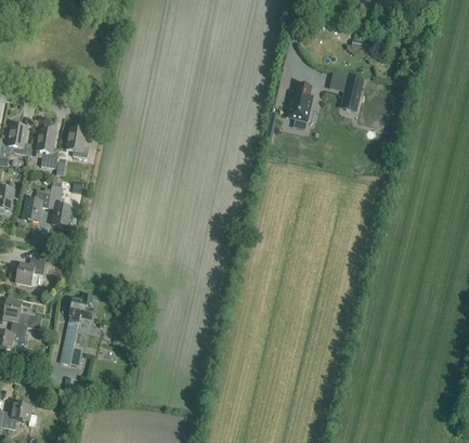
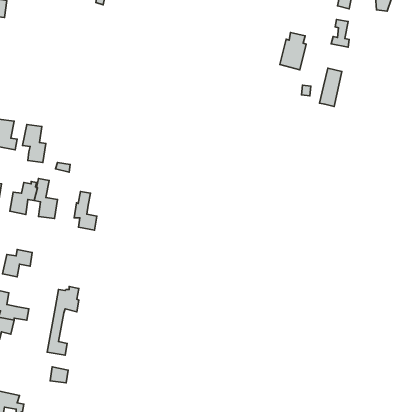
building: [286,82,313,120] -> [280,33,306,70]
building: [66,126,89,156] -> none
building: none -> [74,191,97,230]

